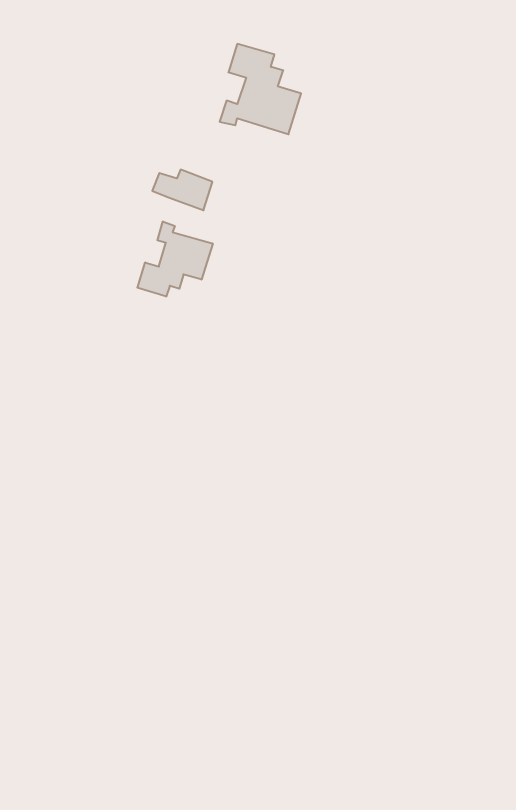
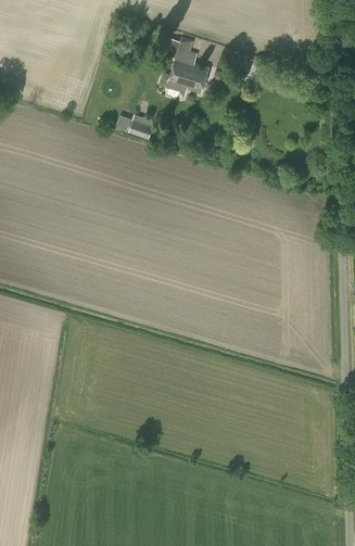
building: [137,221,213,297] -> none

